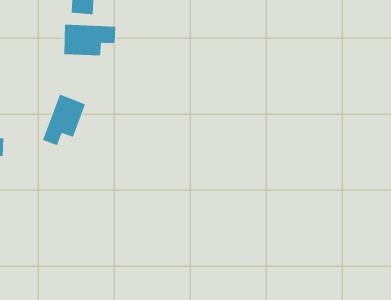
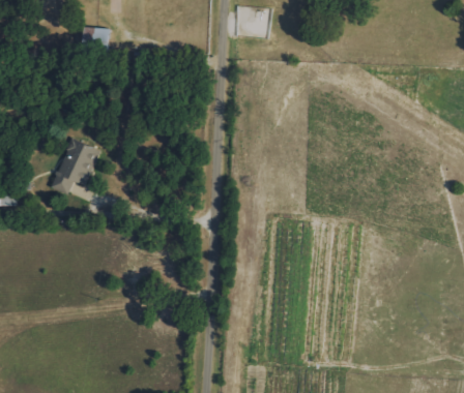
building: [64,24,116,56] -> none

